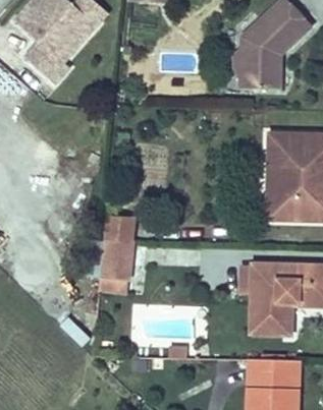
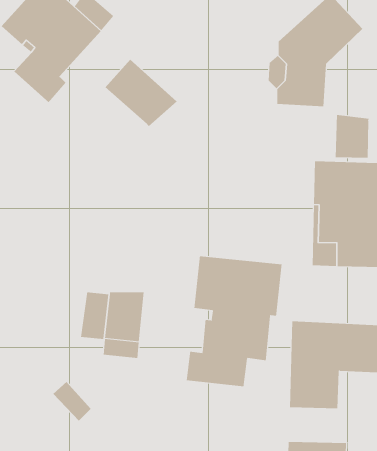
building: none -> [105,59,177,127]
building: none -> [335,114,369,159]
building: none -> [186,255,282,387]

